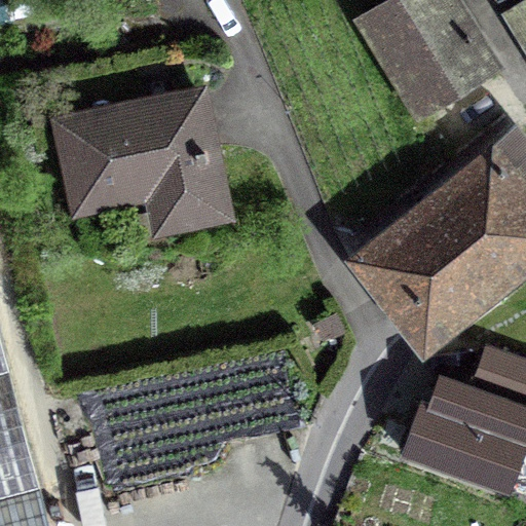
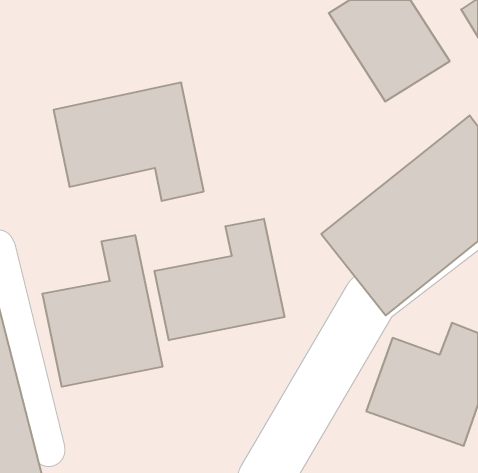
building: none -> [155,219,284,340]
building: none -> [42,235,162,387]

